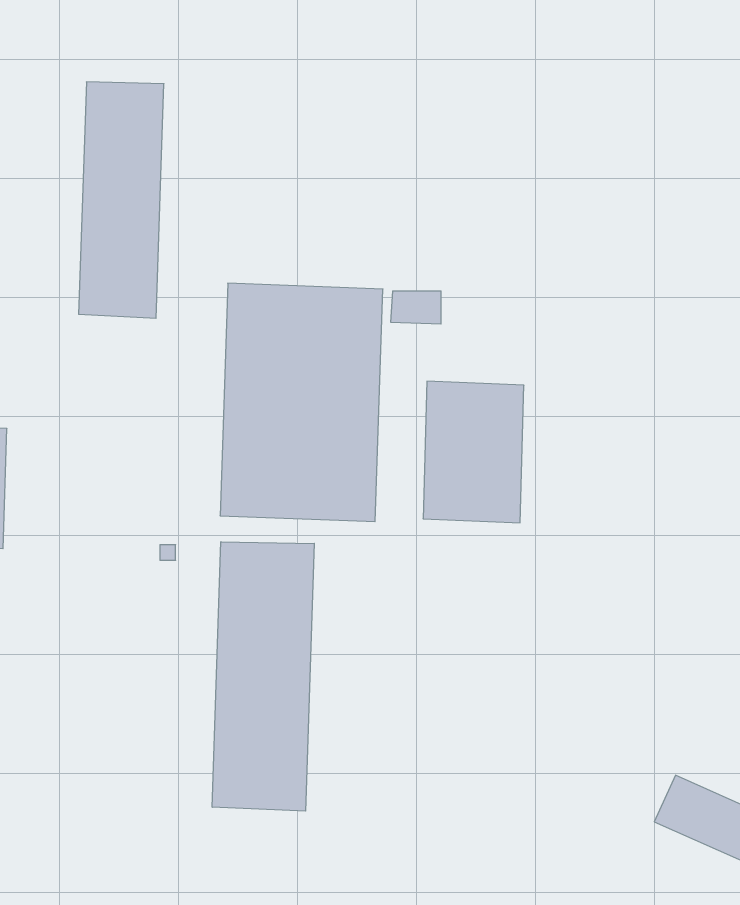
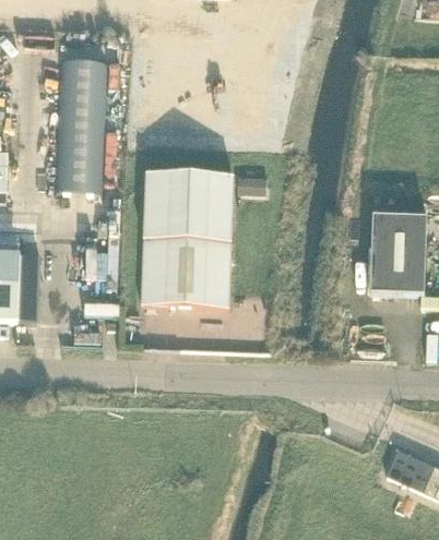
building: [423,381,524,523] -> [369,212,426,291]
building: [212,542,314,811] -> none

